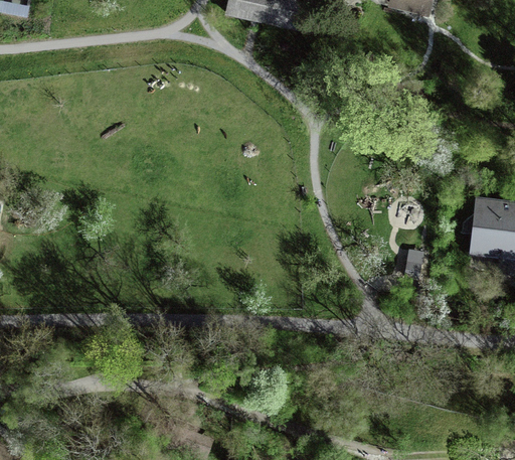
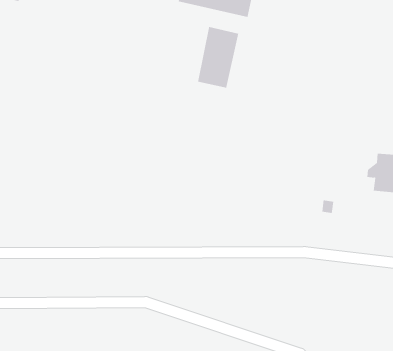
building: none -> [197,26,239,89]

